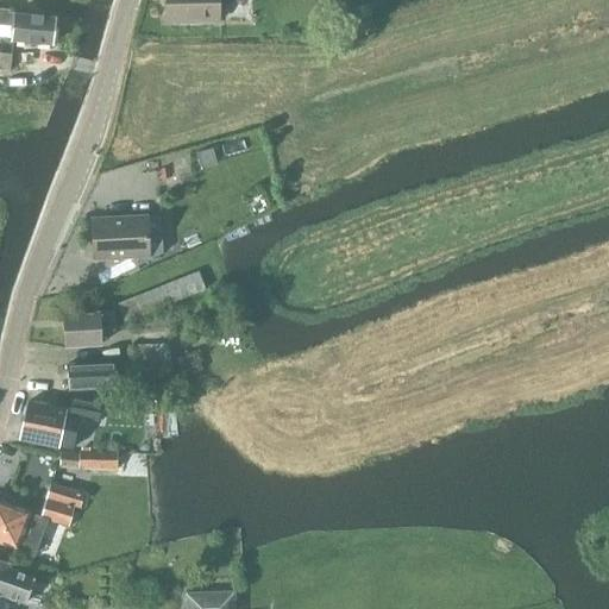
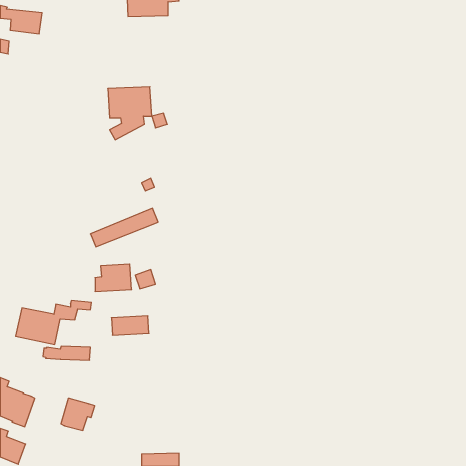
building: [93,216,150,285] -> [108,87,152,140]
building: [64,312,117,345] -> none
building: [67,363,115,388] -> [111,316,149,335]
building: [42,483,86,525] -> [61,398,95,430]

